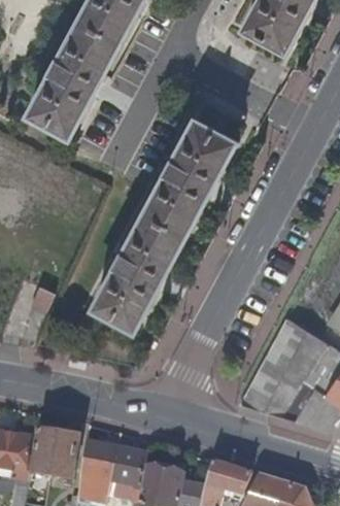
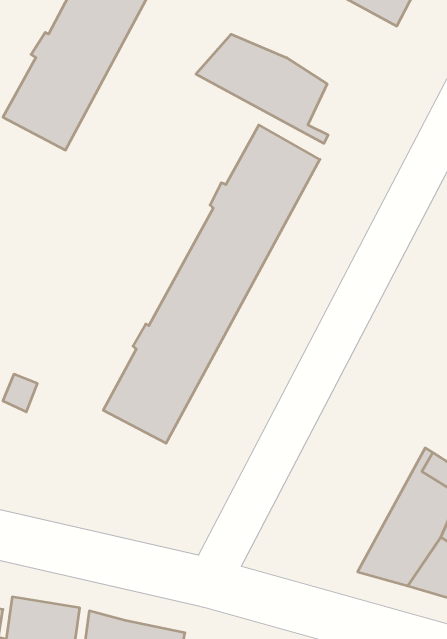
building: none -> [196,34,328,143]
building: [239,318,306,412] -> none

